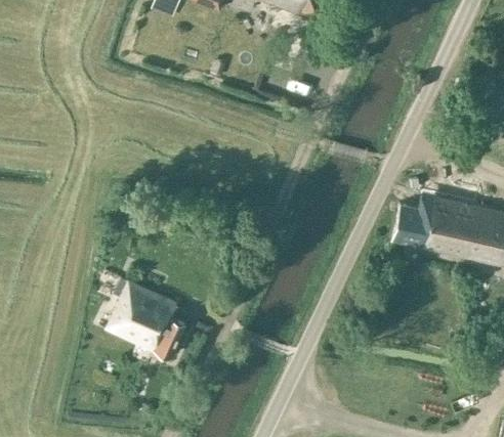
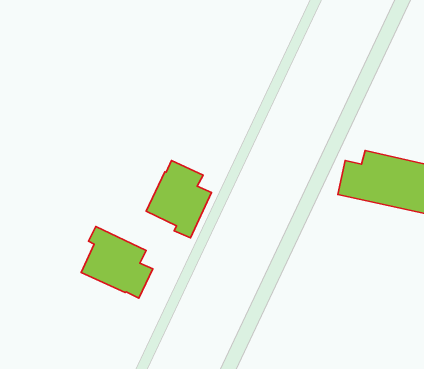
building: none -> [146,160,211,238]

